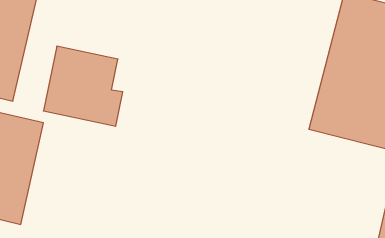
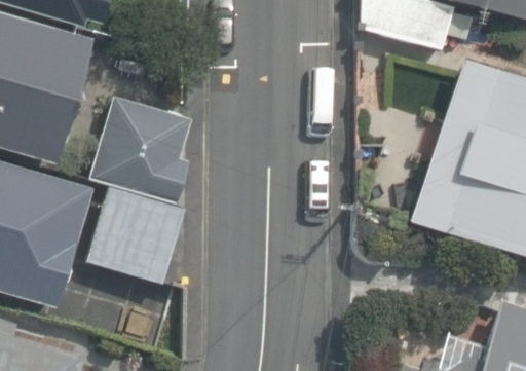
building: none -> [71,177,171,285]

